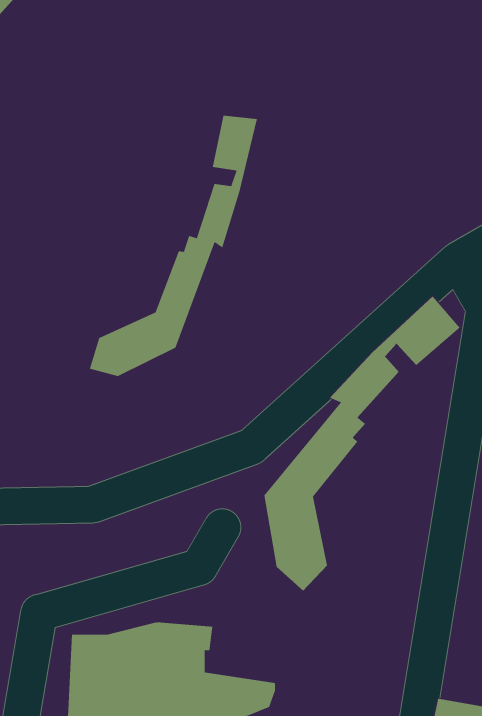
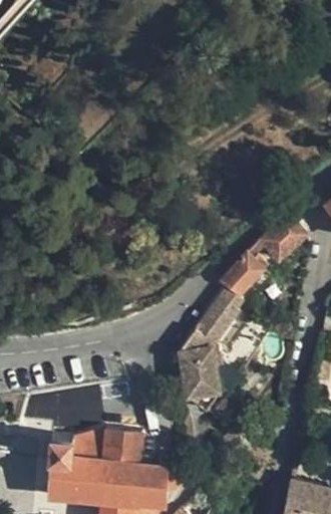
building: [89,115,258,377] -> none

